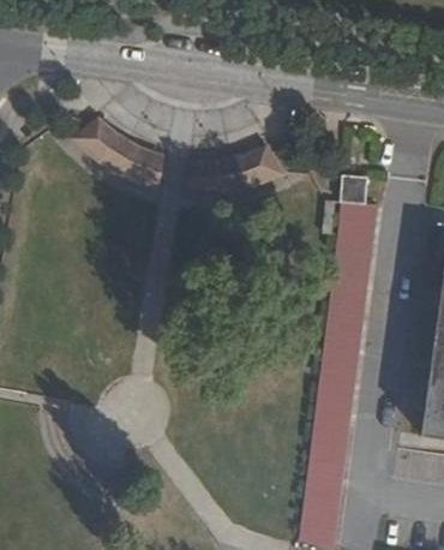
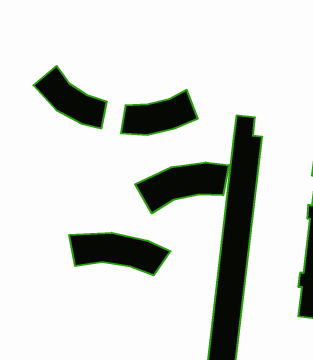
building: none -> [135,162,229,213]
building: none -> [69,233,171,275]

